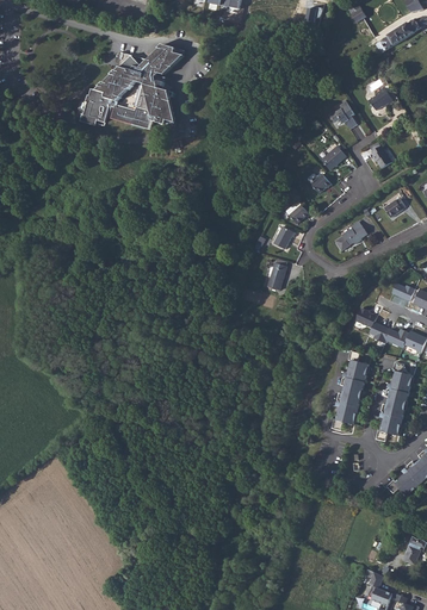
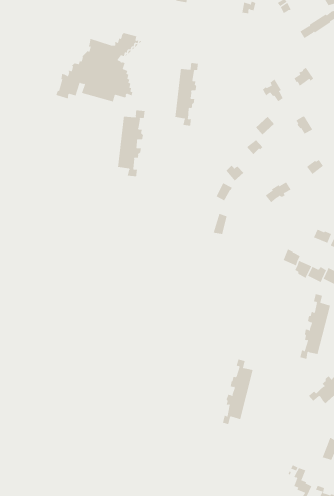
building: none -> [175,62,198,127]
building: none -> [118,109,145,177]
building: [332,350,370,430] -> [222,359,254,425]

